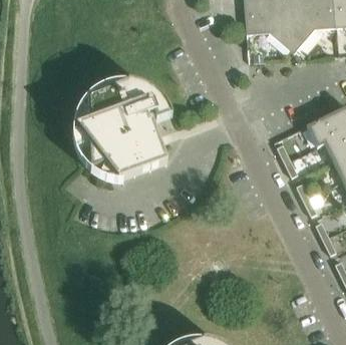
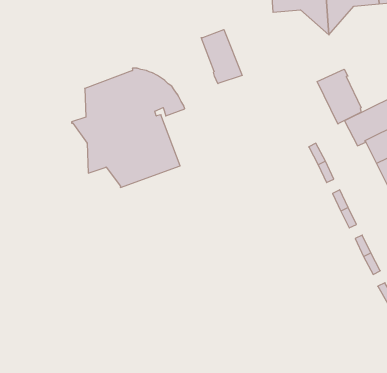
building: none -> [201,30,242,84]
building: none -> [317,69,361,124]

